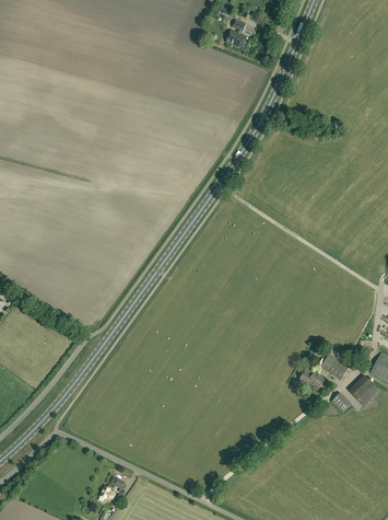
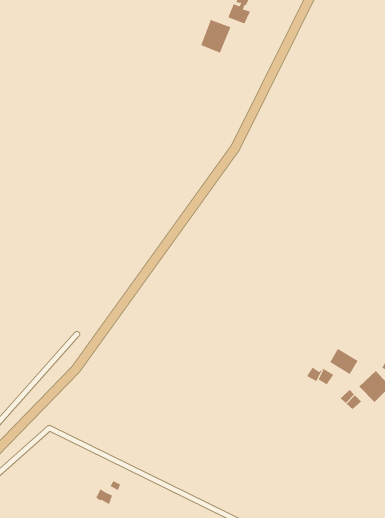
building: none -> [201,19,231,54]

